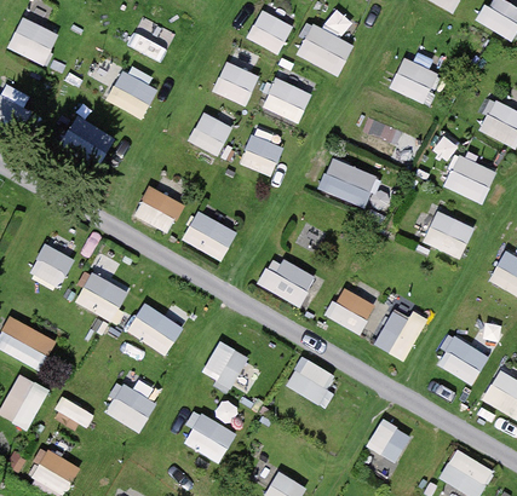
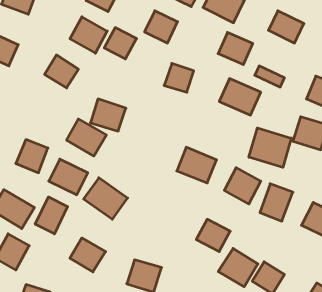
building: [262,77,311,123] -> [218,32,253,65]
building: [188,110,234,155] -> [104,28,137,59]
building: [182,208,239,261] -> [67,119,106,156]
building: none -> [249,128,291,167]
building: none -> [35,197,68,234]
building: [201,339,251,390] -> none
building: none -> [218,248,258,287]

